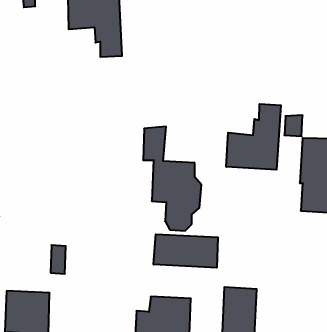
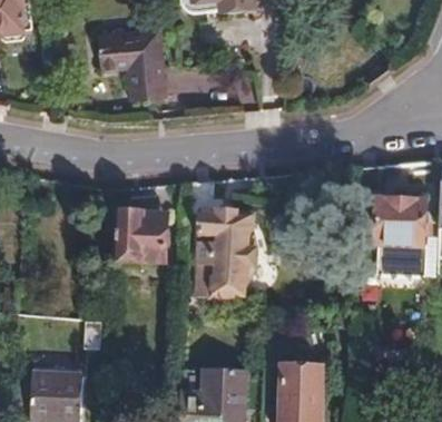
building: [226,104,281,170] -> none
building: none -> [114,206,166,263]
building: [154,234,218,268] -> none

